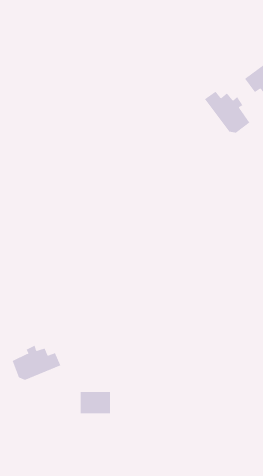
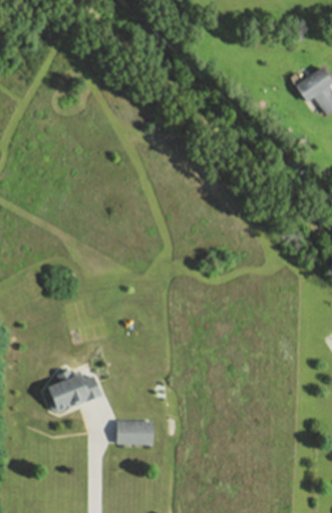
building: [204,91,250,134] -> none

